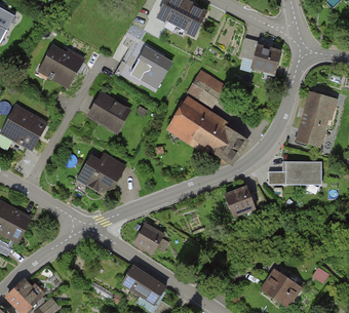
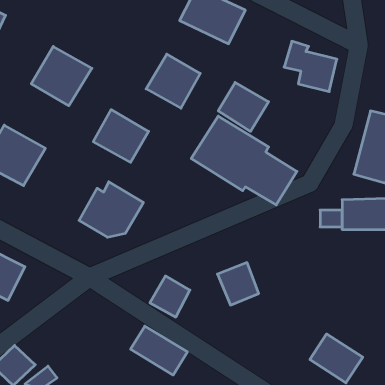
building: [223,185,256,219] -> [217,263,259,305]

